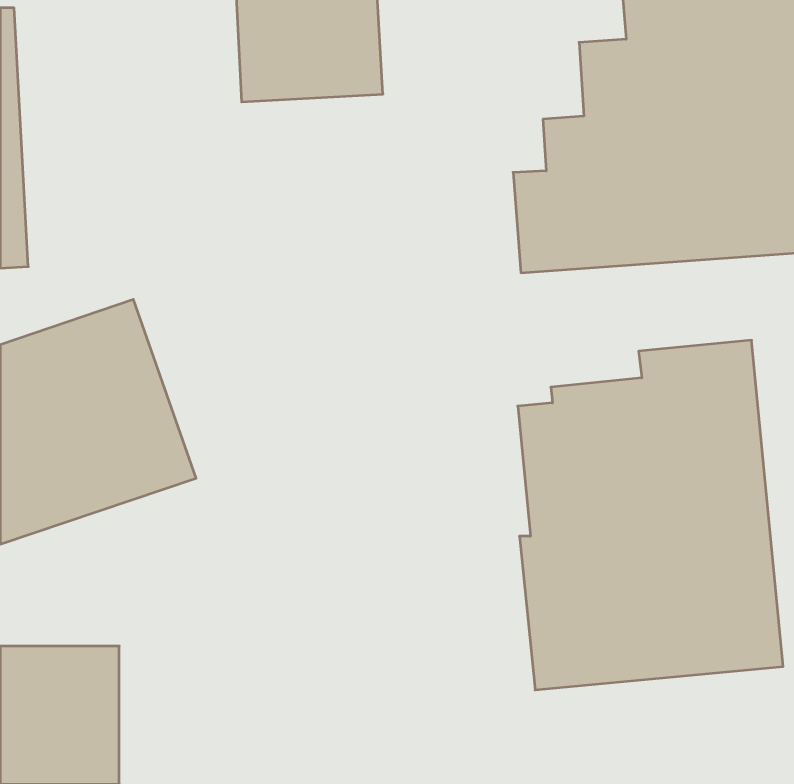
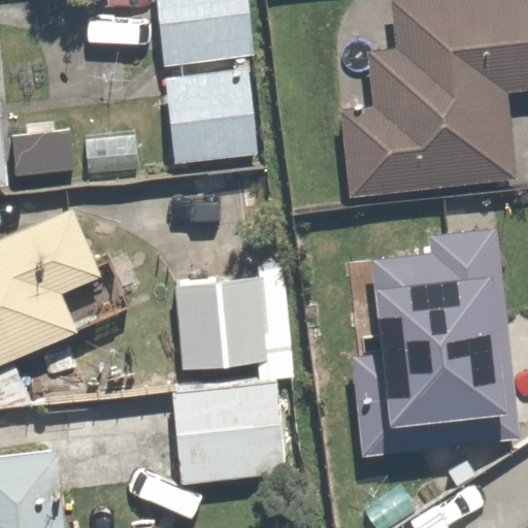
building: none -> [166,84,263,172]
building: none -> [167,282,261,375]
building: none -> [171,397,276,487]

